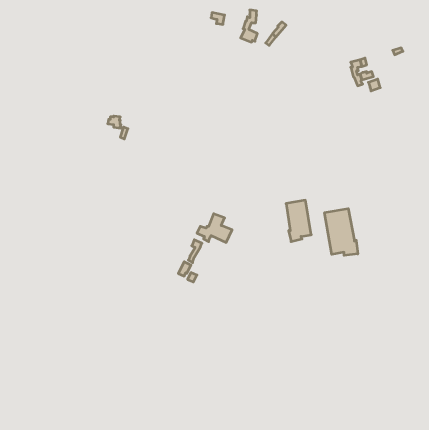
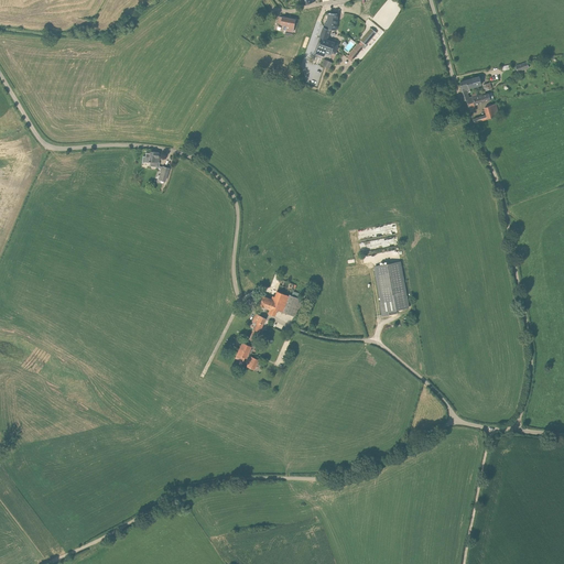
building: [325,209,358,255] -> none

